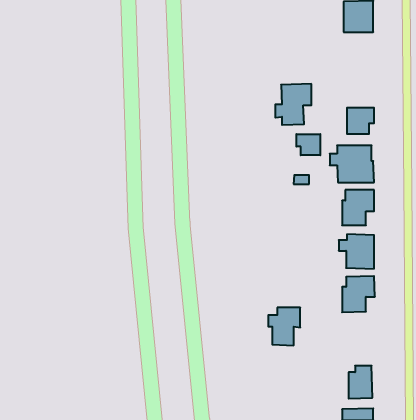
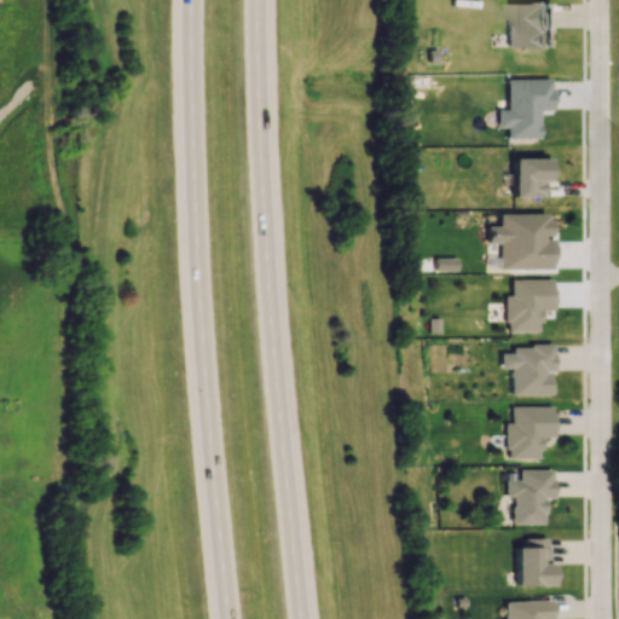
building: [275,84,311,125] -> [502,79,555,139]
building: [296,134,320,155] -> none
building: [268,308,300,345] -> [510,469,557,525]

